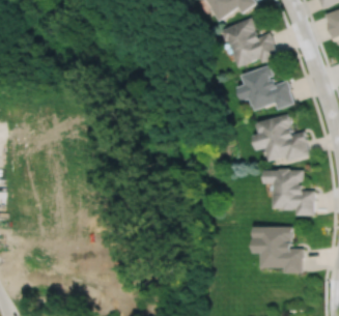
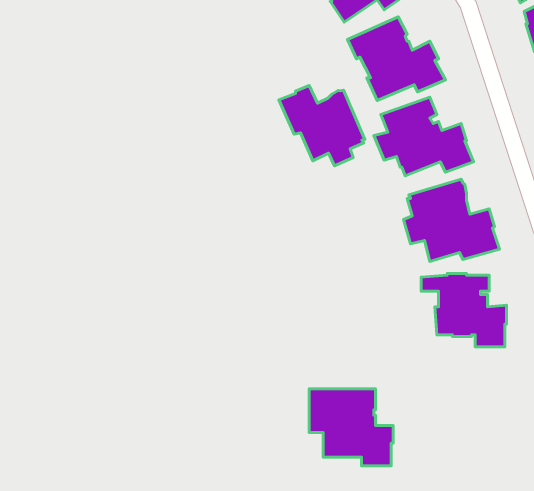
building: none -> [279,85,365,166]
building: [253,226,303,271] -> [309,389,393,466]

